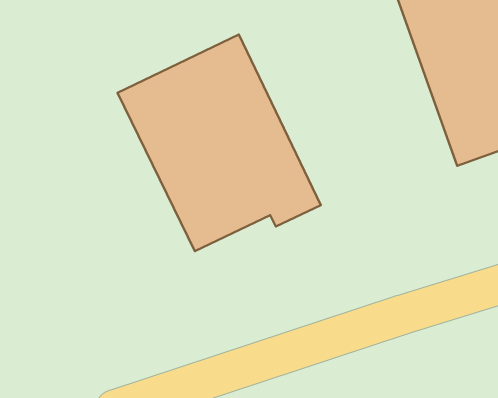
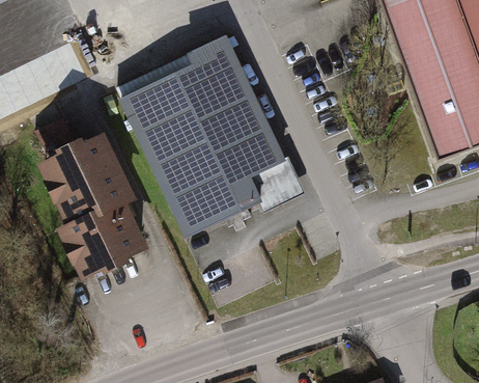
building: none -> [30,115,154,279]

